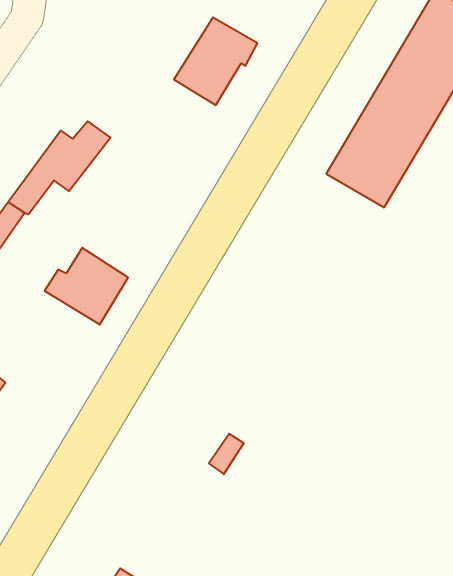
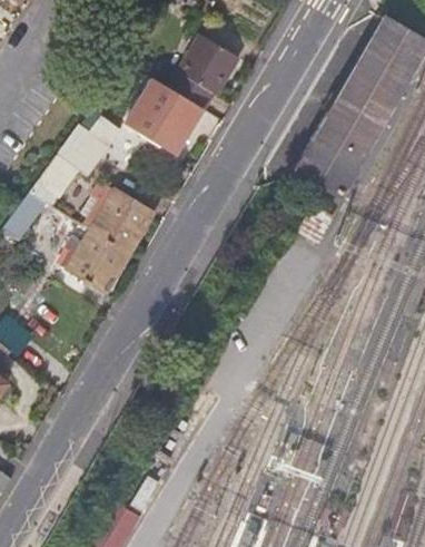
building: none -> [123,78,202,155]
building: none -> [85,182,152,252]

